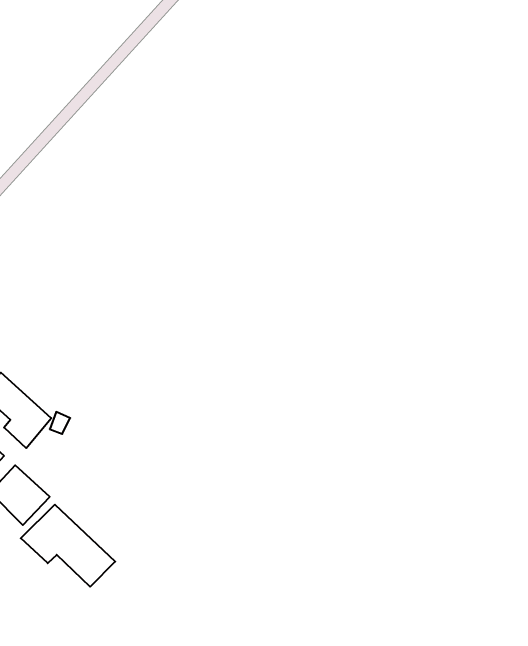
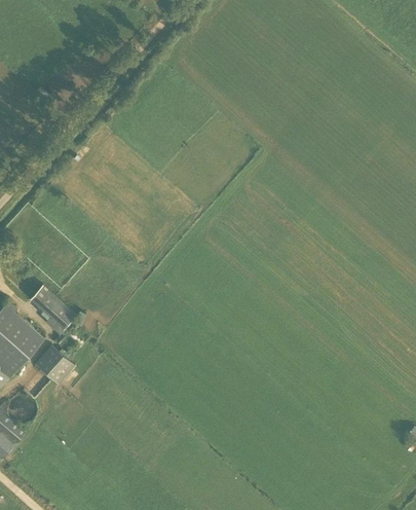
building: [21,505,115,587] -> none

